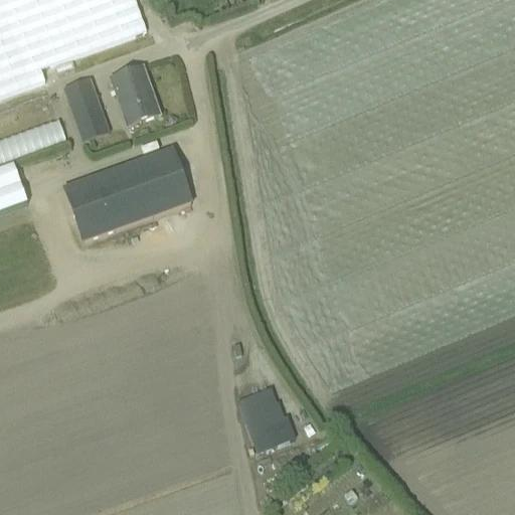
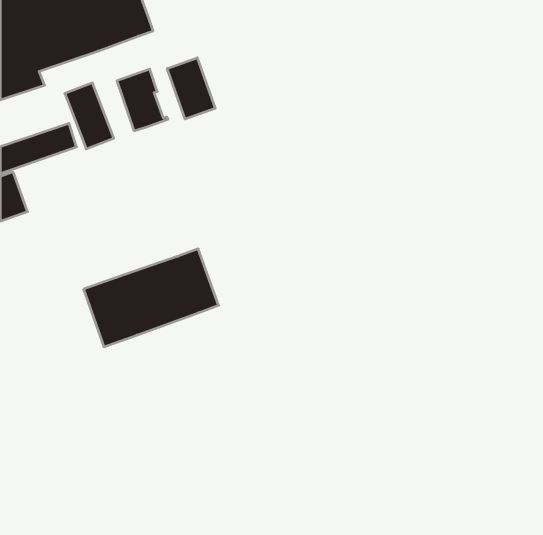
building: none -> [167,58,215,119]
building: [62,147,190,239] -> [84,249,219,347]
building: [237,387,296,452] -> none

